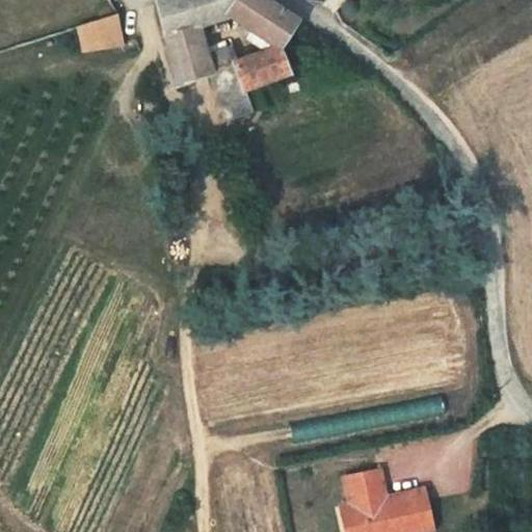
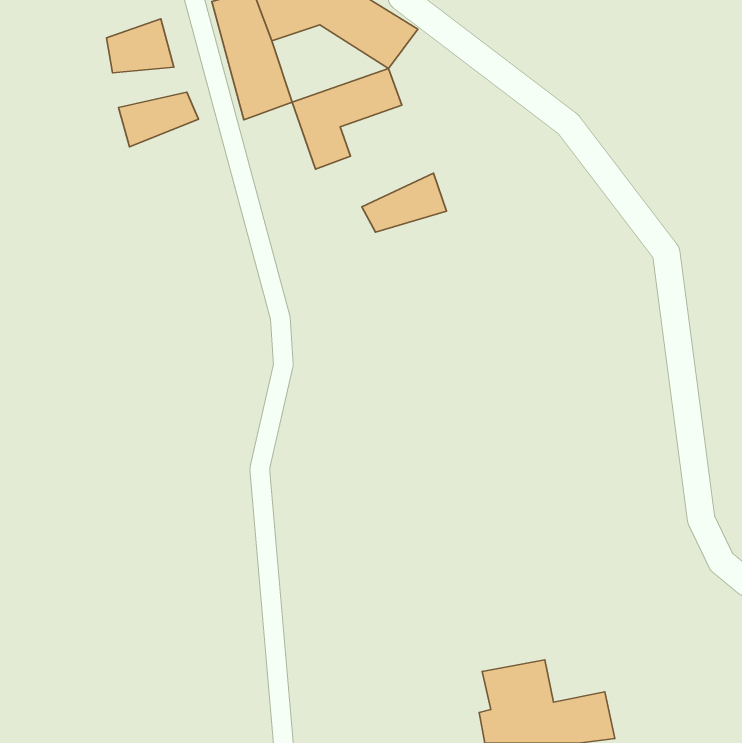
building: none -> [119,92,199,147]
building: none -> [362,173,447,232]

